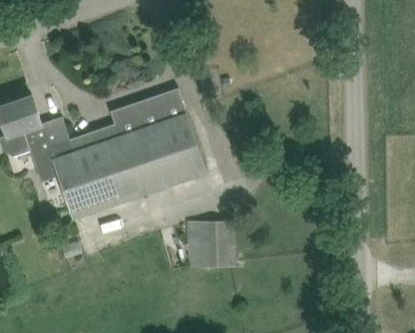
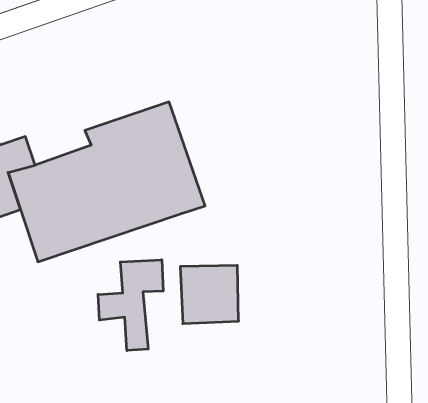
building: none -> [98,260,163,351]

